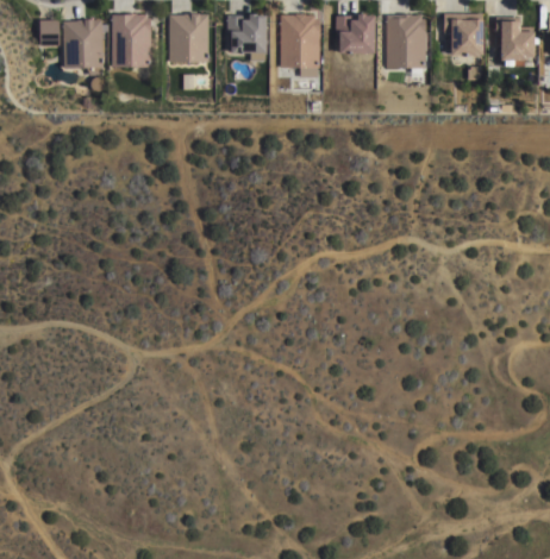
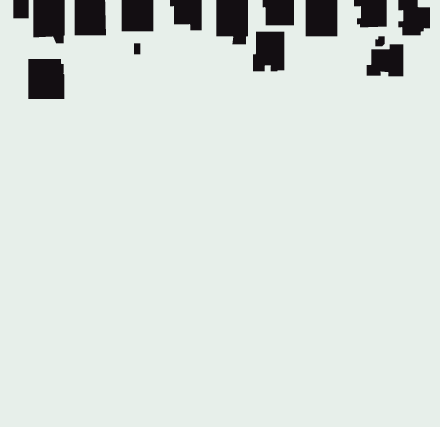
building: none -> [253,31,285,72]
building: none -> [366,43,404,77]
building: none -> [28,58,65,100]

